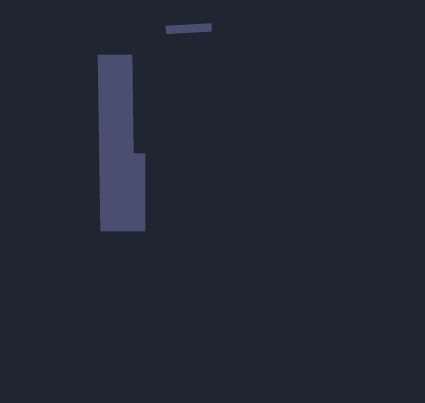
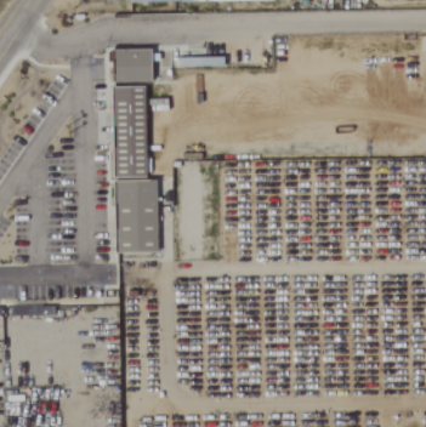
building: none -> [113,47,152,80]

